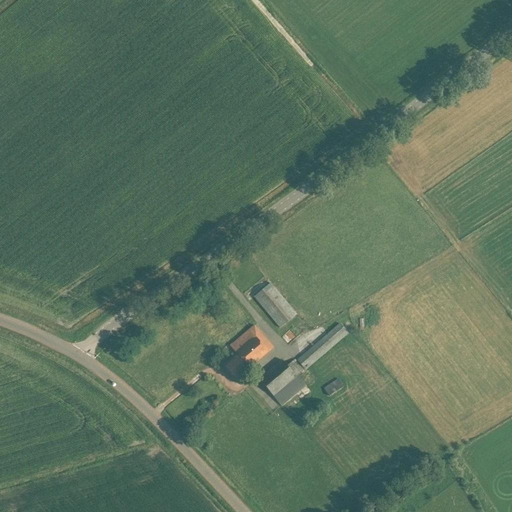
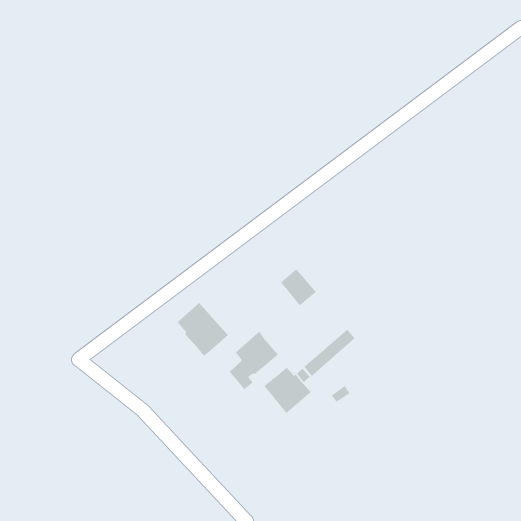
building: [260,290,296,327] -> [280,268,317,306]
building: none -> [177,302,229,357]

